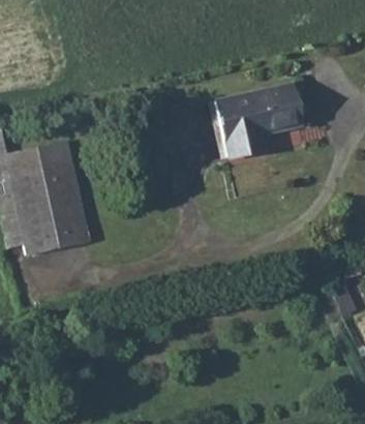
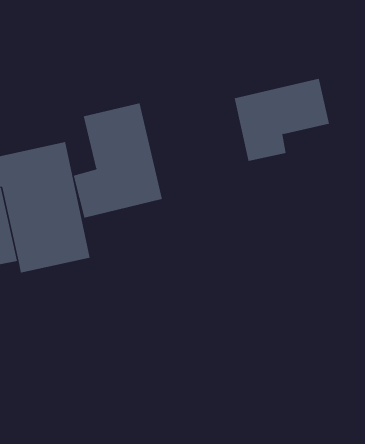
building: none -> [73,103,162,218]

